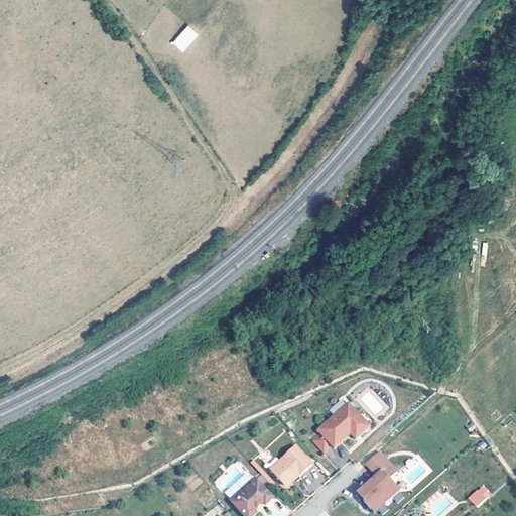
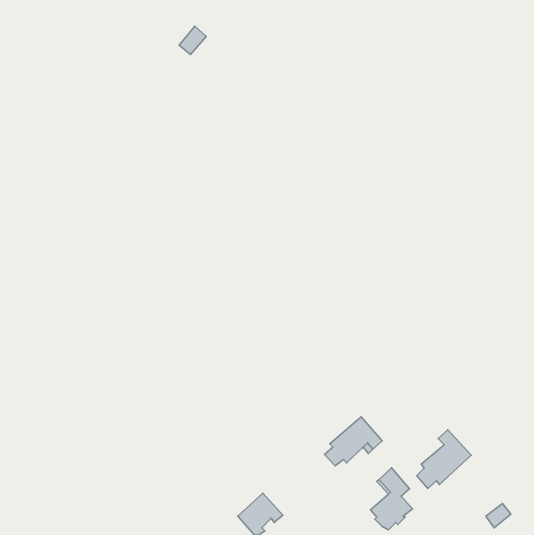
building: none -> [417,430,471,488]
building: [270,443,311,483] -> none

